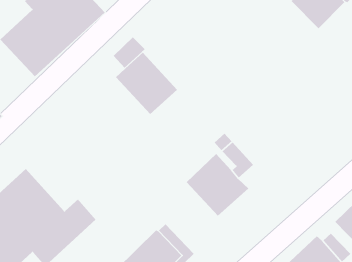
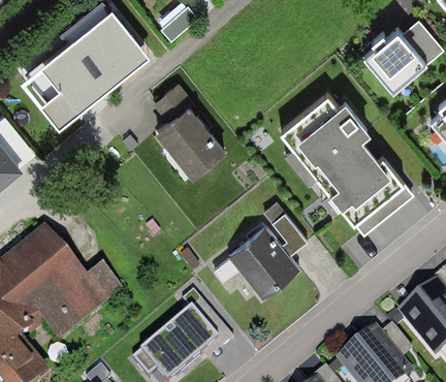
building: none -> [279,91,413,235]

